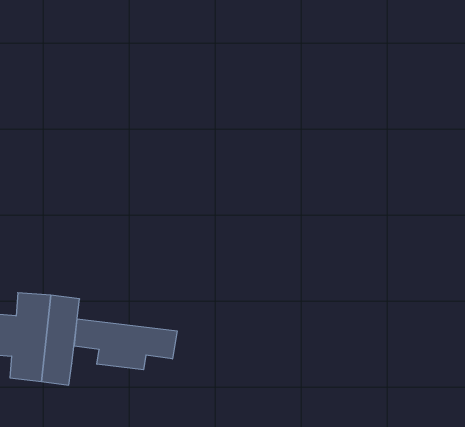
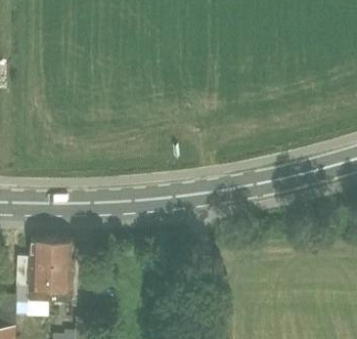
building: [74,319,177,370] -> none

